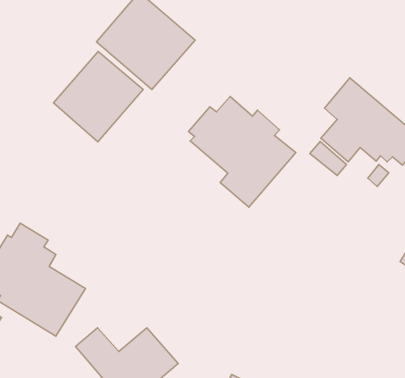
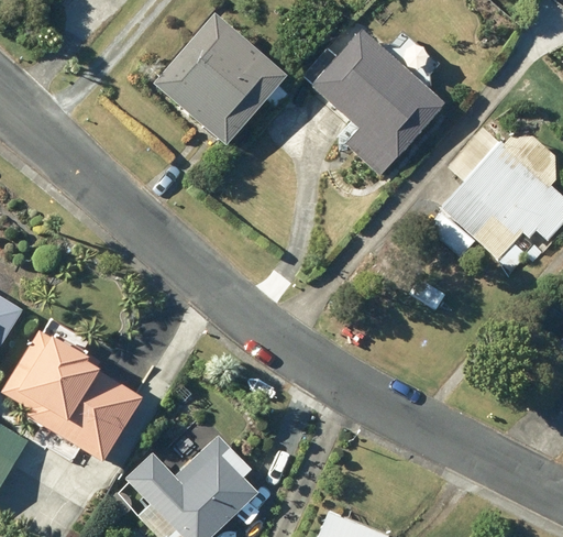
building: [54,51,143,142] -> none
building: [189,97,296,207] -> [306,32,444,175]

